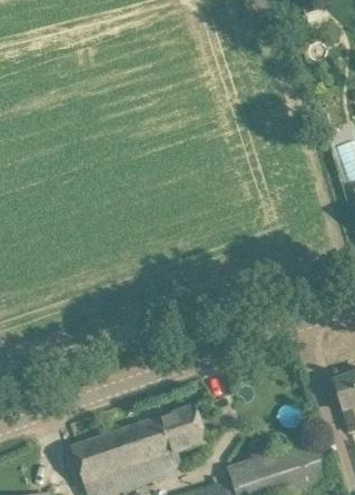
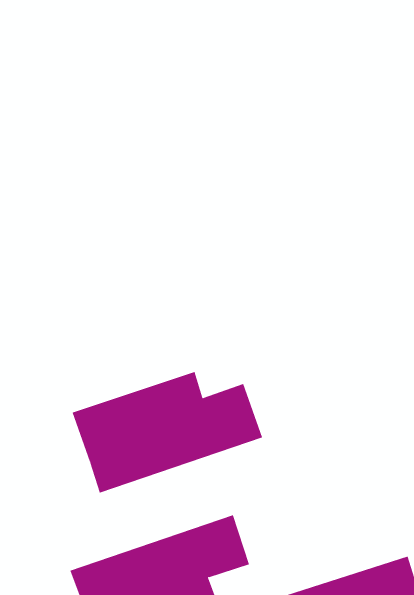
building: none -> [72,371,263,493]

